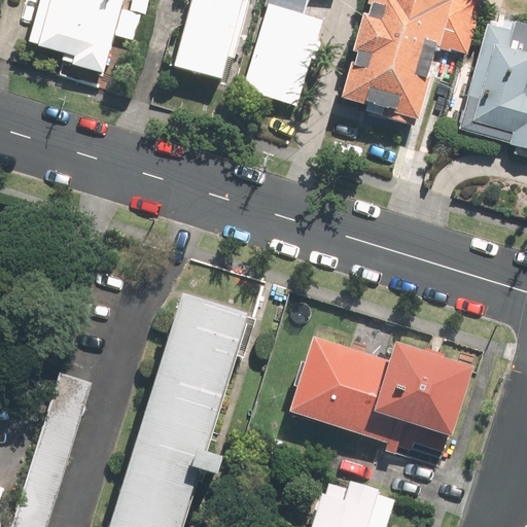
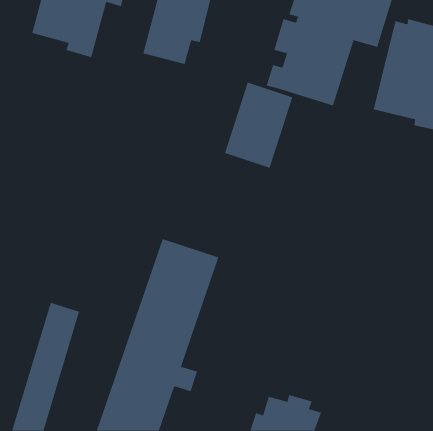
building: [235,6,318,111] -> [224,82,293,168]
building: [283,332,471,461] -> none

